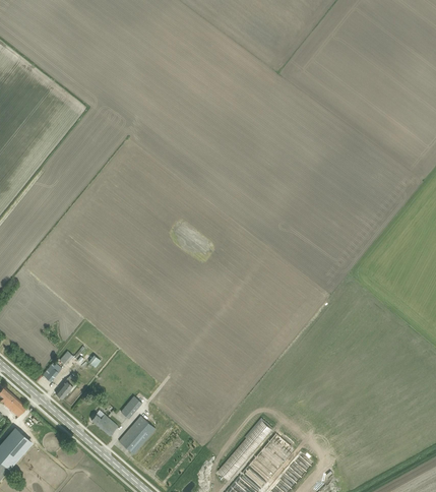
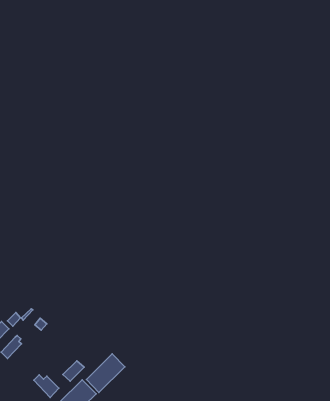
building: none -> [86,354,125,392]

